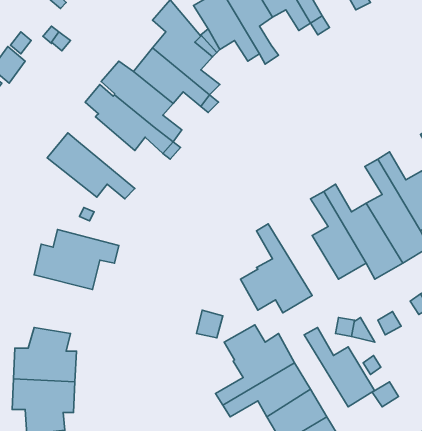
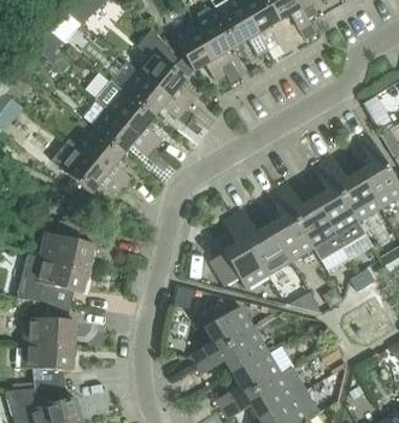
building: none -> [76,128,131,187]
building: none -> [18,254,89,306]
building: [304,328,374,407] -> [234,210,292,275]

